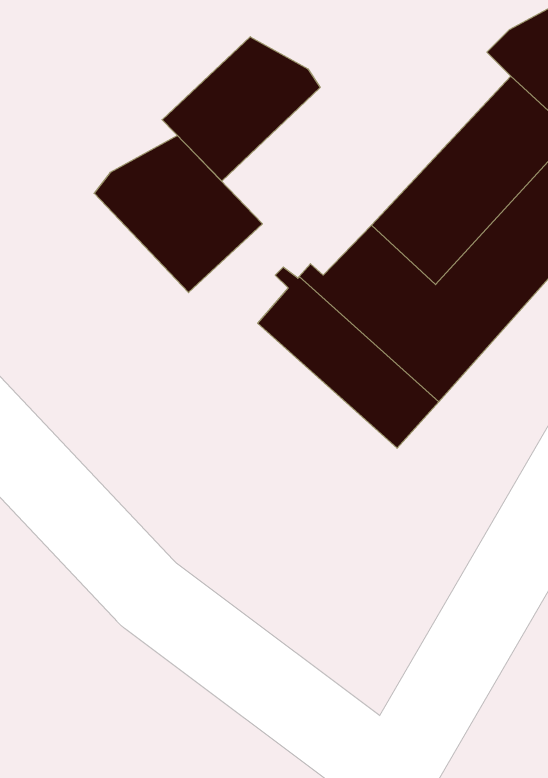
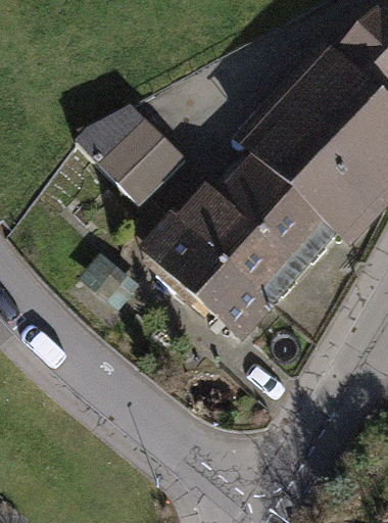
building: [162,37,320,181] -> none
building: none -> [156,225,271,335]

